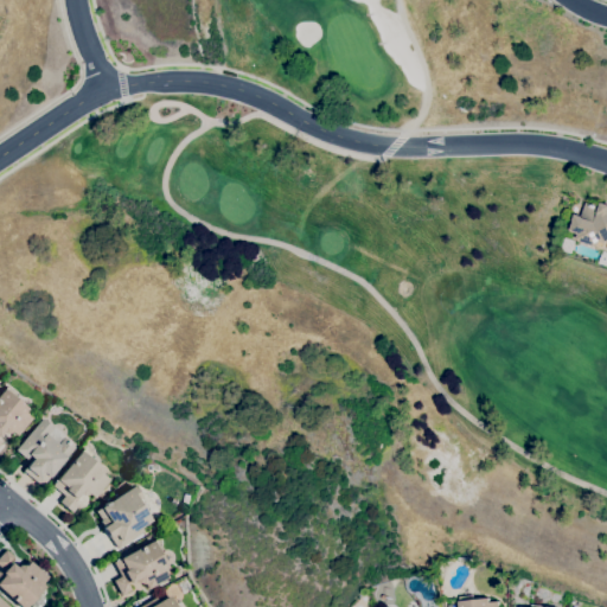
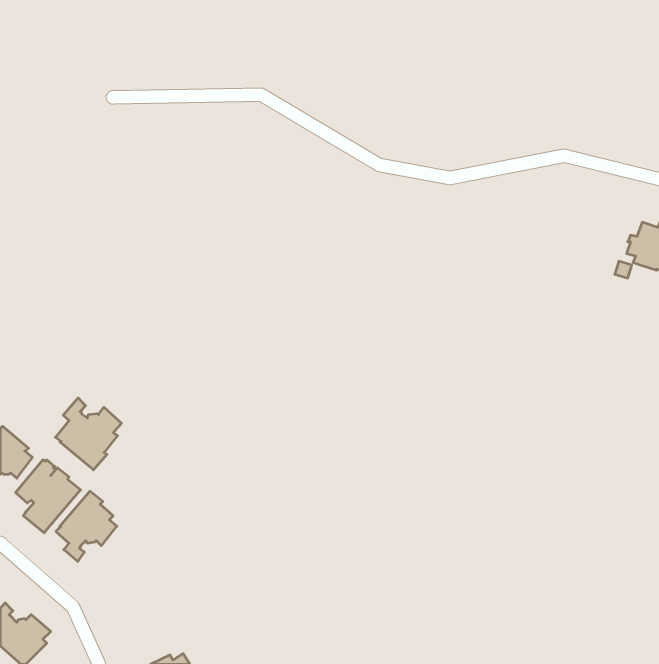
building: none -> [55,398,121,470]
building: [98,486,154,549] -> none
building: [117,541,171,595] -> none

